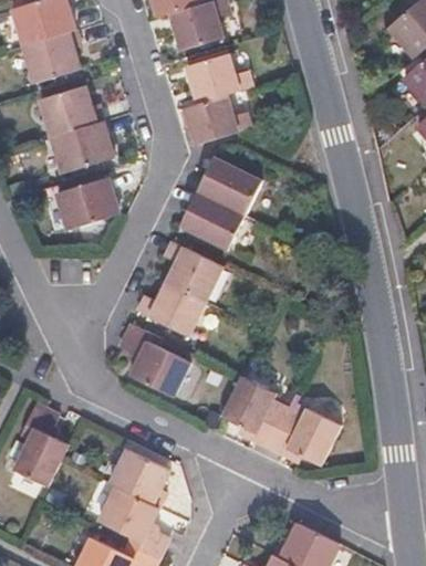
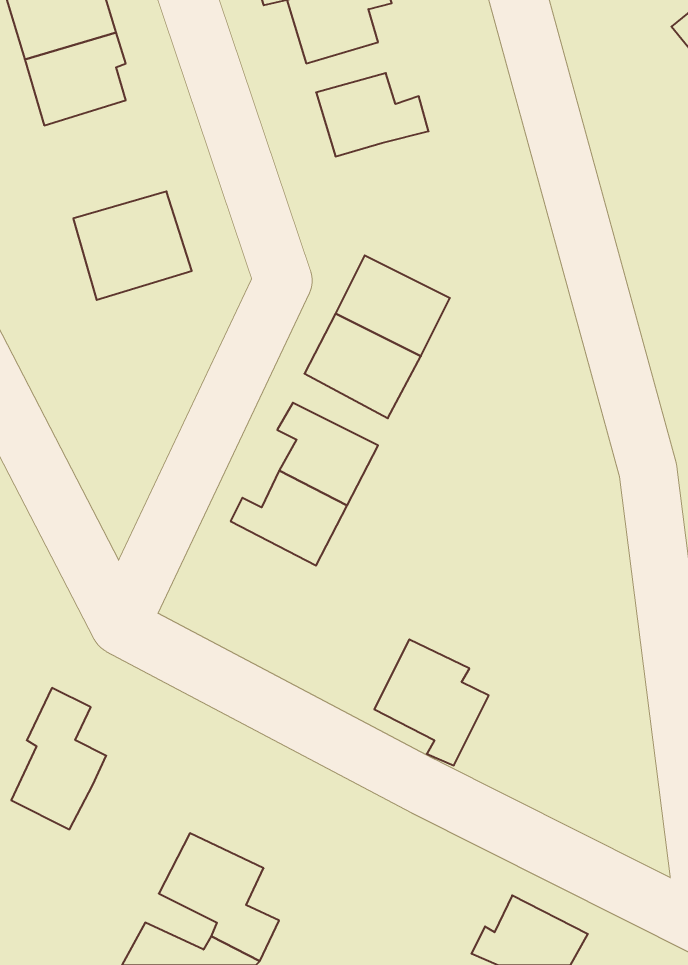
building: [38,85,102,136] -> none
building: [185,93,250,144] -> none
building: [56,186,118,234] -> none
building: [121,322,190,395] -> none
building: [266,408,340,465] -> none
building: [110,449,168,506] -> none

